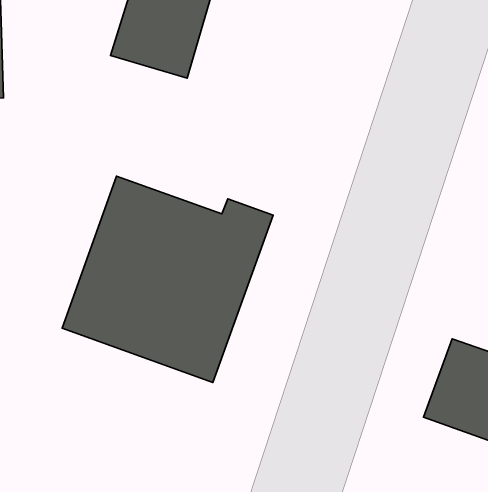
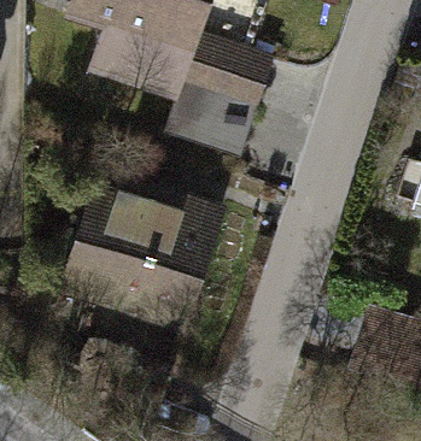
building: none -> [150,37,259,146]

